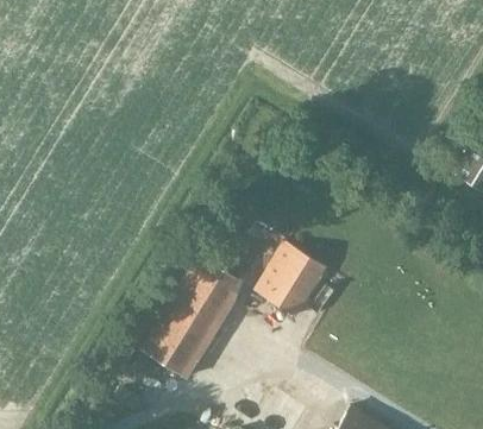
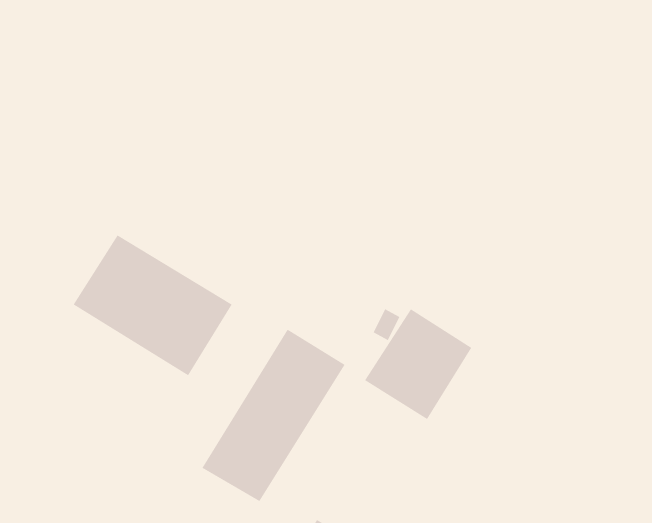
building: none -> [73,235,232,376]

